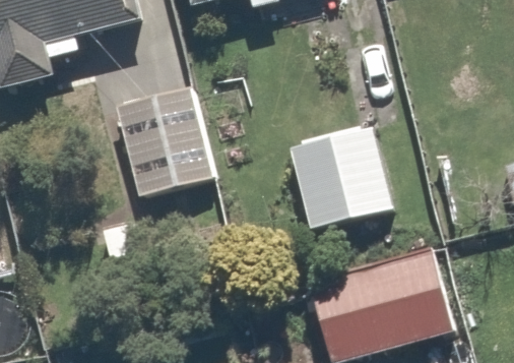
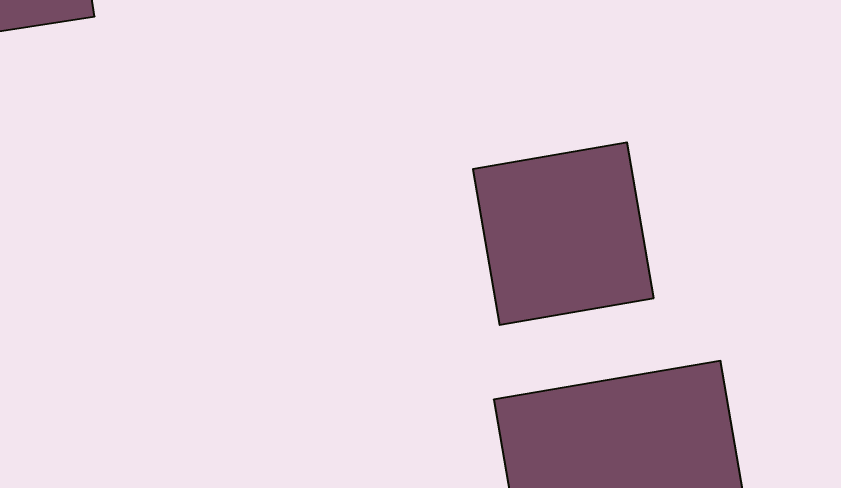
building: [110,76,224,208] -> none

